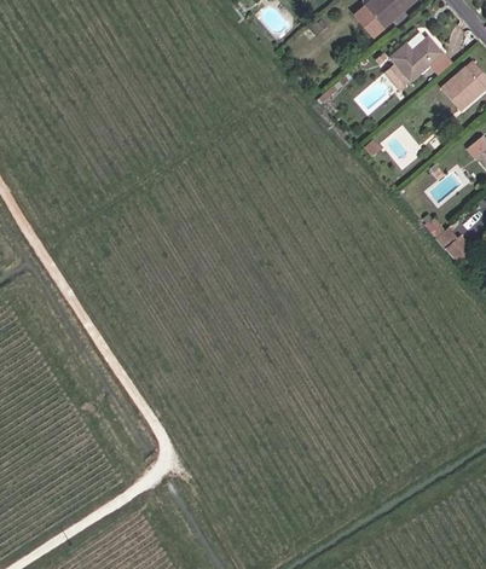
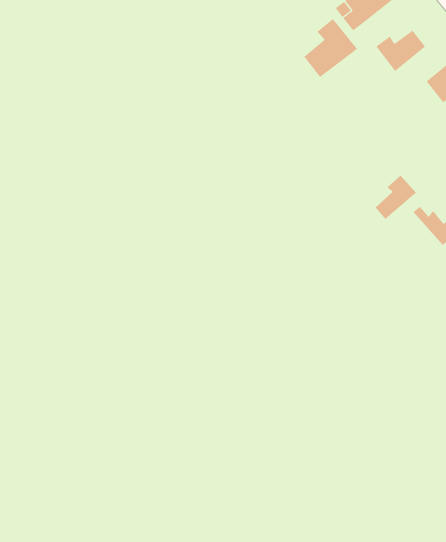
building: none -> [304,18,358,78]
building: none -> [375,175,417,220]

